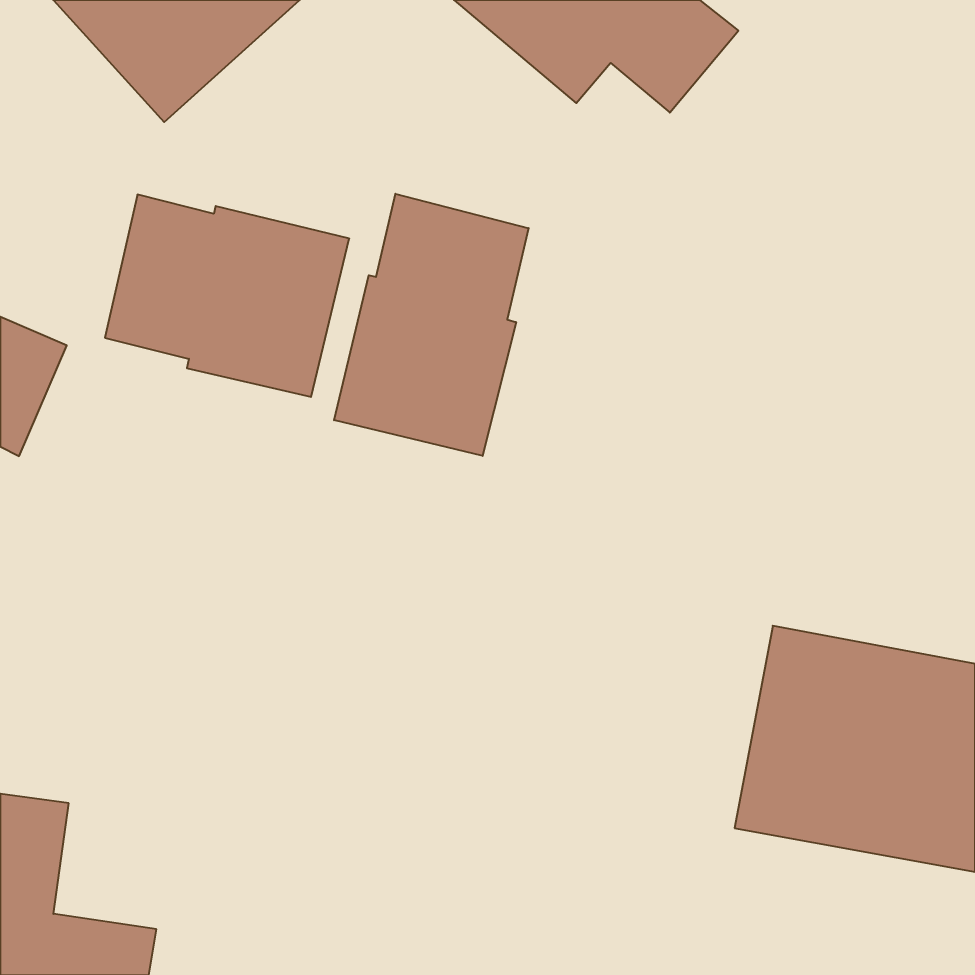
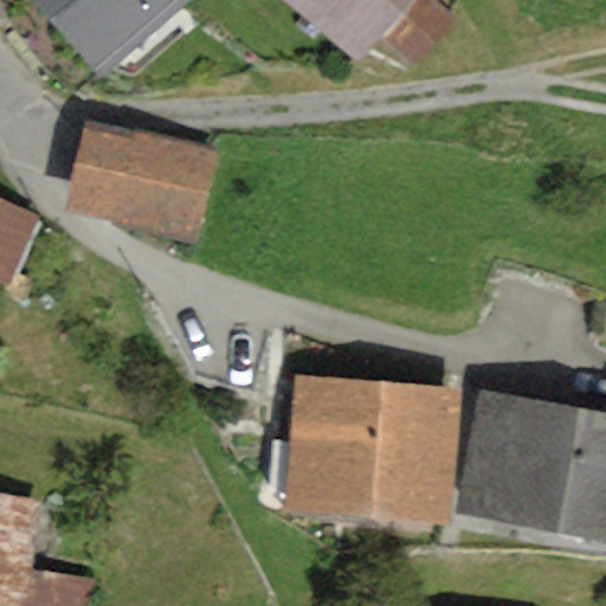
building: [334,194,529,456] -> none
building: none -> [279,373,462,524]

